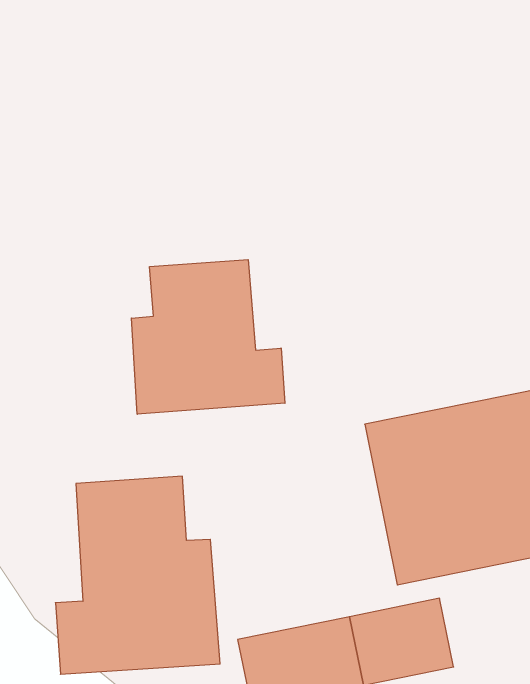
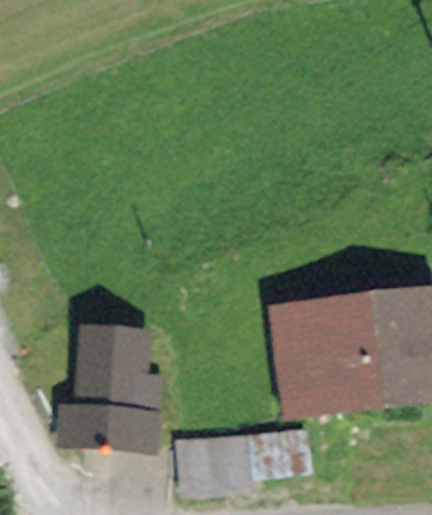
building: [131,260,285,414] -> none

